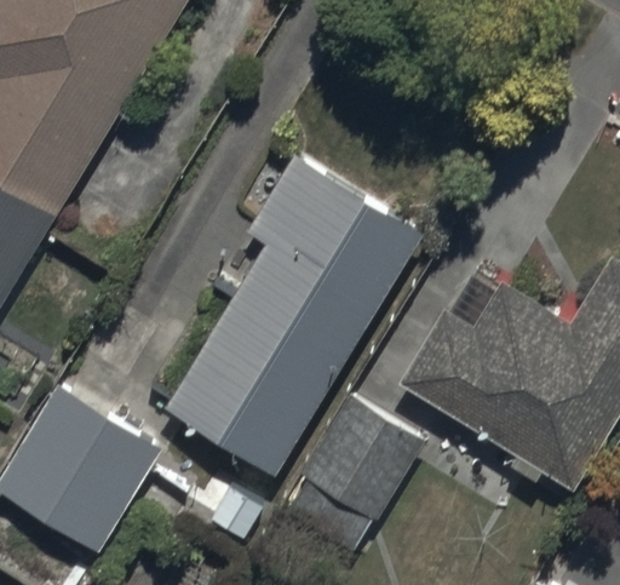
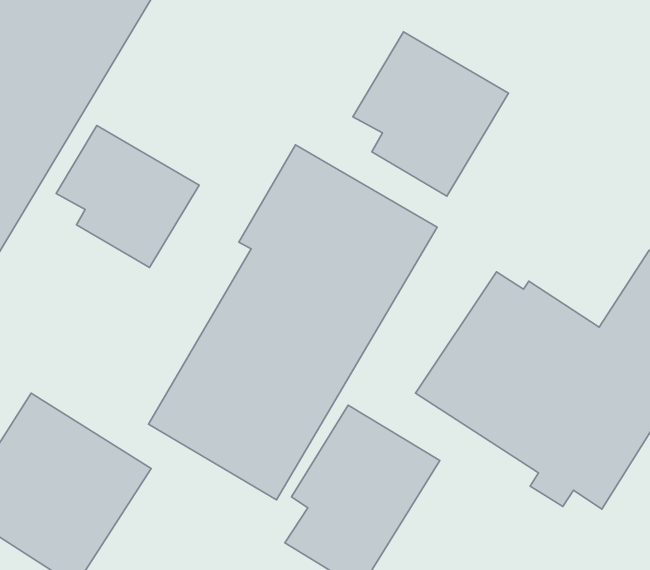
building: none -> [353,32,509,196]
building: none -> [56,126,199,268]

